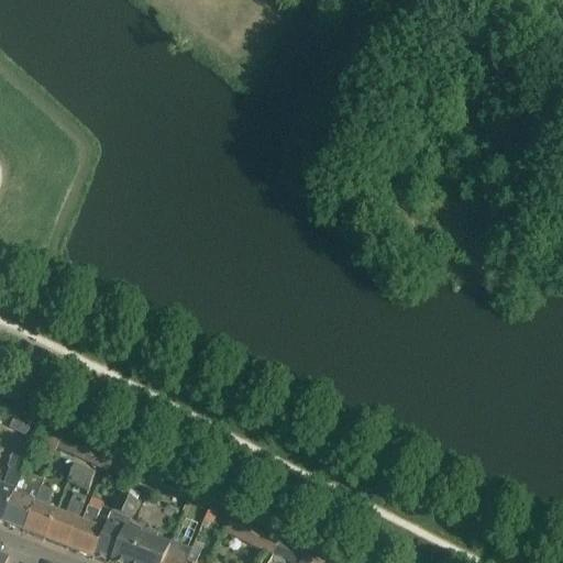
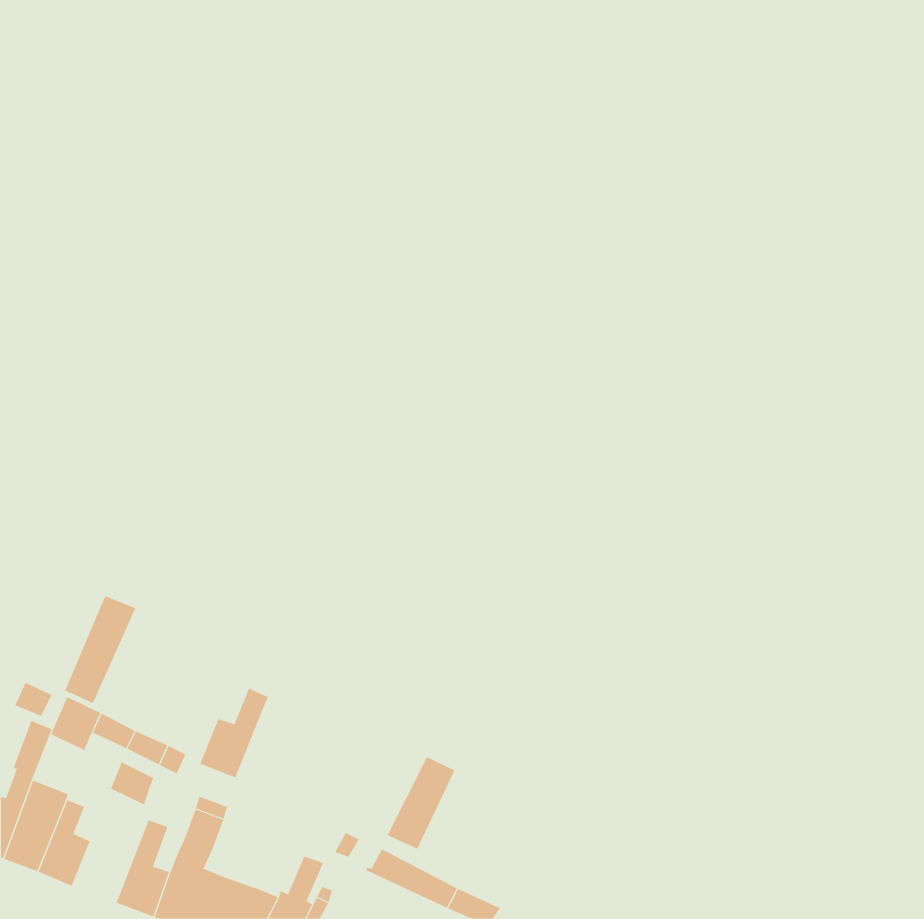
building: none -> [65,595,136,704]
building: none -> [387,756,455,850]
building: [44,493,86,548] -> [200,688,268,778]

